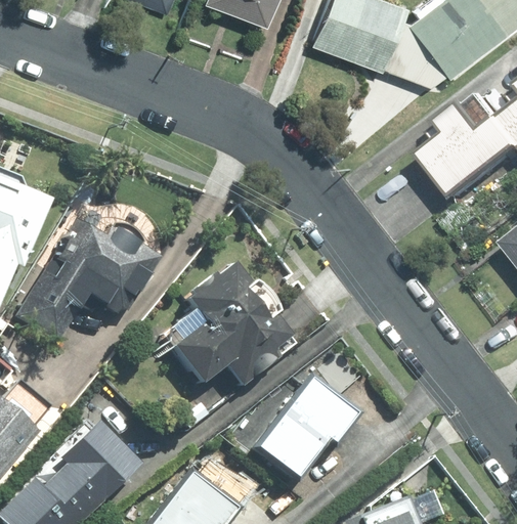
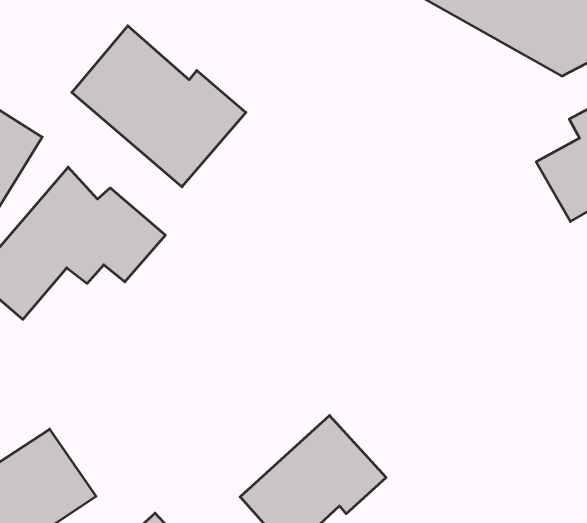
building: none -> [72,26,246,187]
building: [170,262,300,389] -> none

